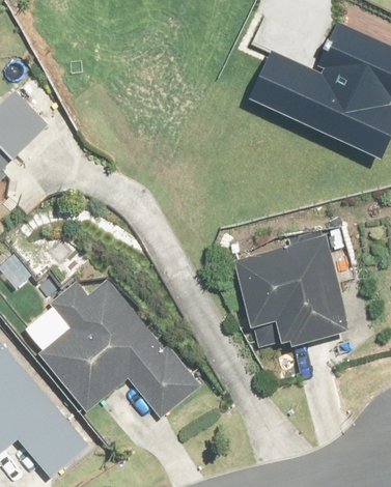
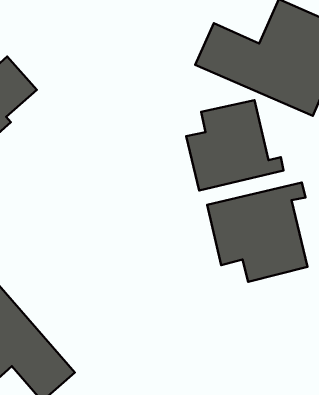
building: none -> [186,100,284,190]
building: [36,280,200,422] -> none

